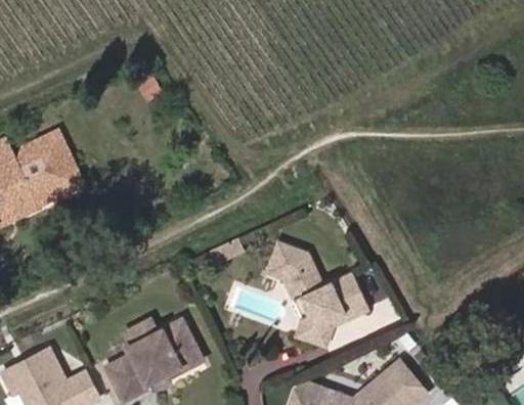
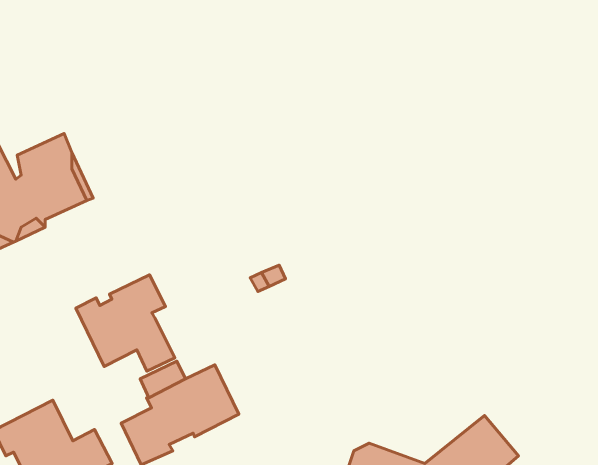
building: [265,240,367,346] -> none
building: none -> [76,275,175,371]

